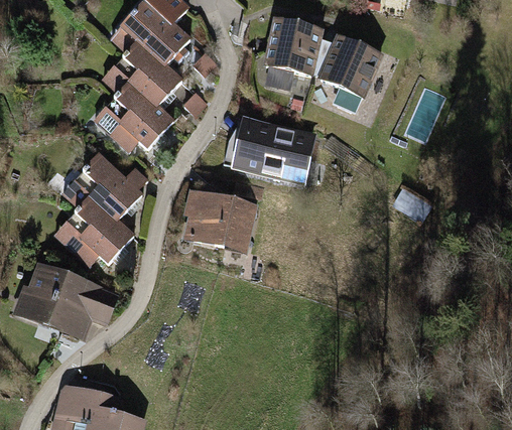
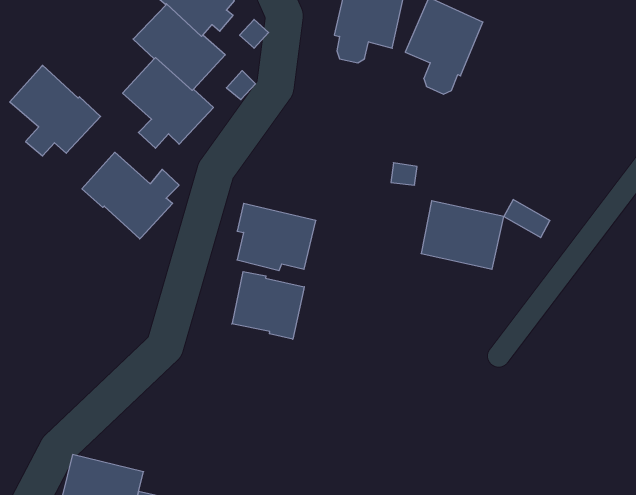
building: [242,125,305,177] -> [421,201,504,269]
building: [65,195,134,265] -> [10,65,101,156]
building: none -> [232,272,304,339]
building: [24,268,114,330] -> none

